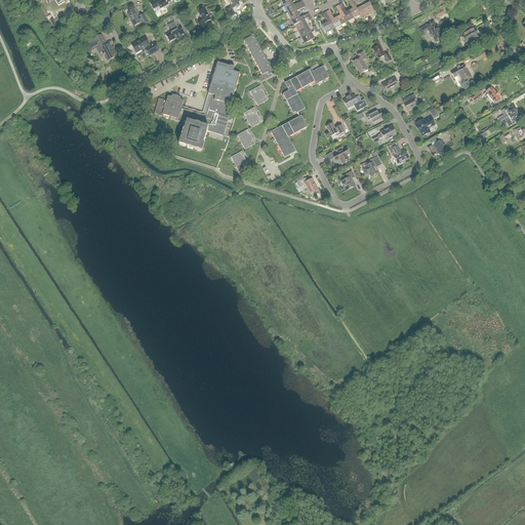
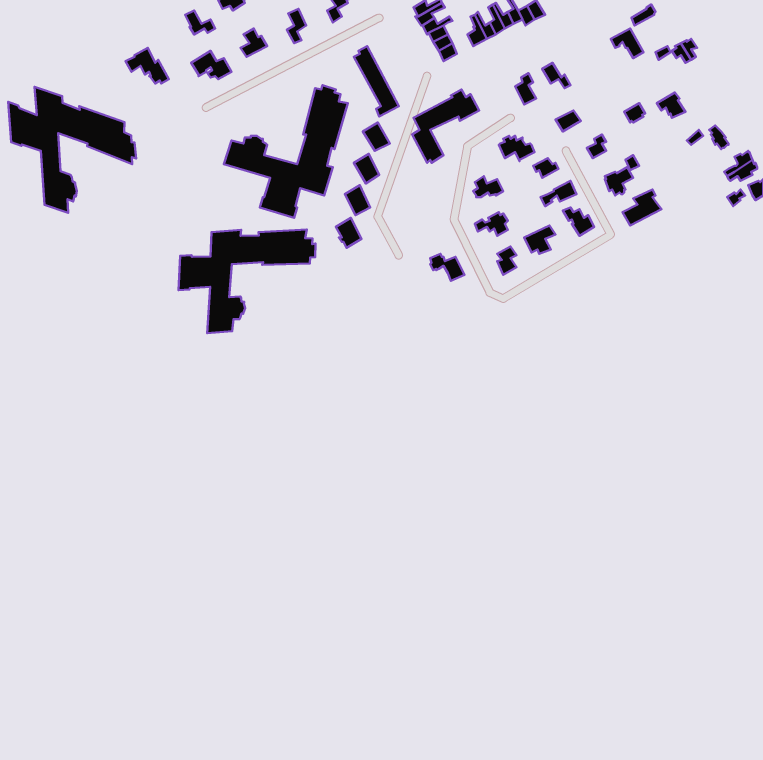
building: none -> [8,87,136,213]
building: [271,114,307,156] -> none
building: none -> [179,229,315,333]

